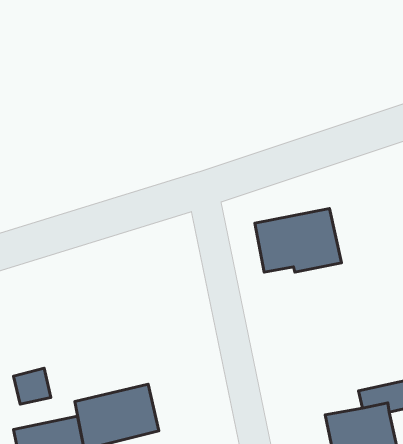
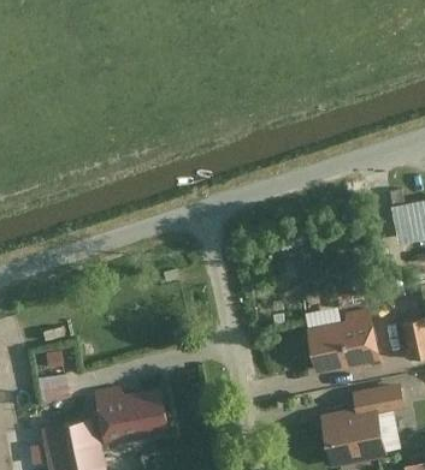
building: [255,208,341,272] -> [305,313,383,370]

